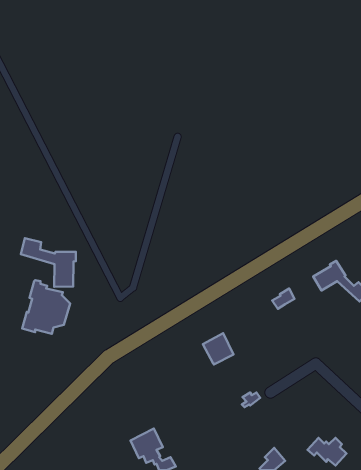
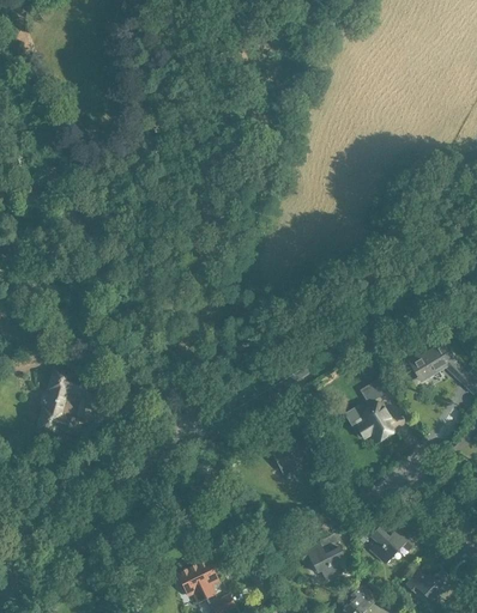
building: [21,238,76,287] -> none
building: none -> [354,402,393,443]
building: none -> [369,527,417,562]
building: none -> [298,534,345,579]

